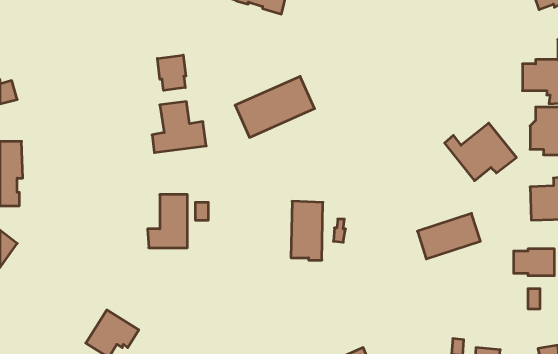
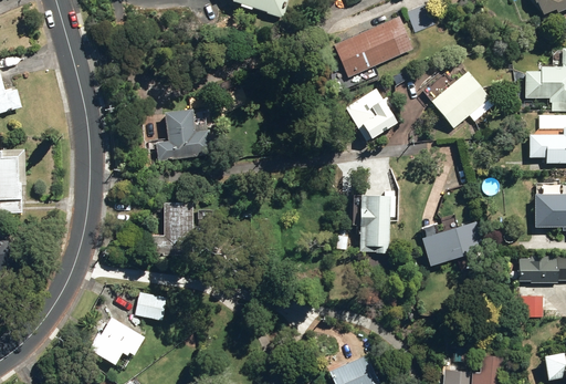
building: [157,55,186,90] -> none
building: [235,76,315,137] -> [334,15,413,76]
building: none -> [345,87,397,141]
building: [445,123,516,181] -> [423,70,495,127]
building: [291,201,323,260] -> [358,194,390,252]
building: none -> [135,291,167,320]

